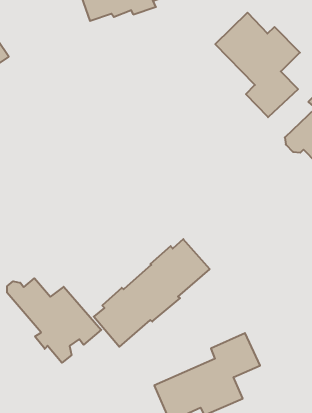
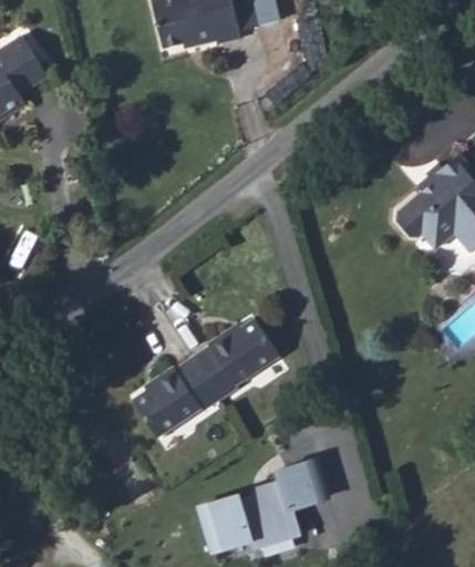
building: [215,13,300,117] -> none
building: [7,278,101,363] -> none

